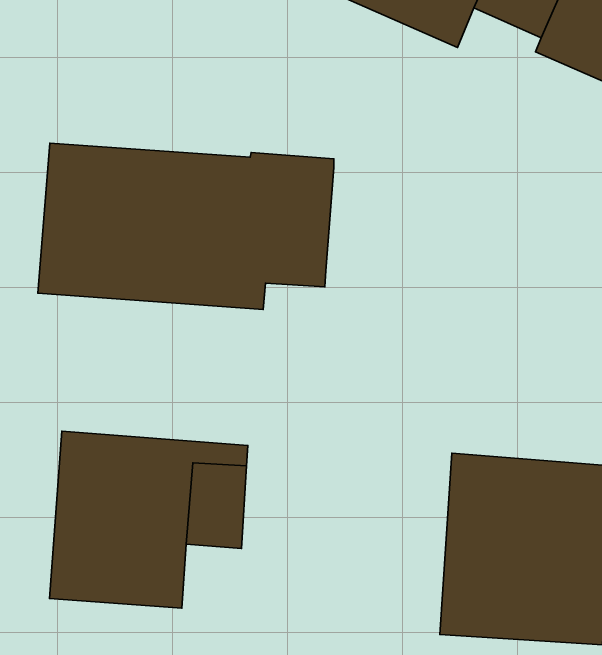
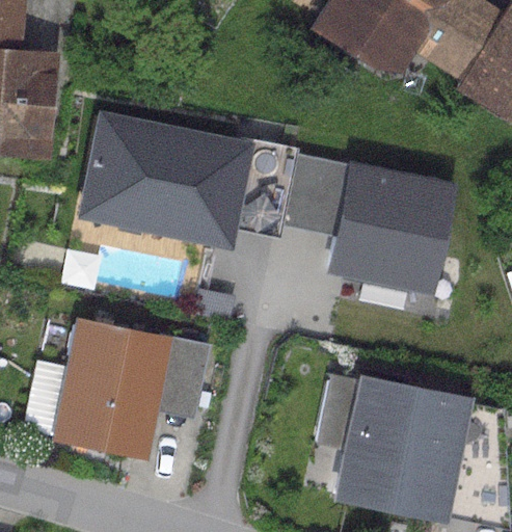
building: none -> [280,154,455,293]

